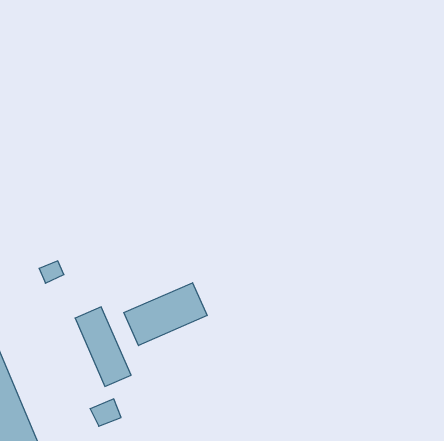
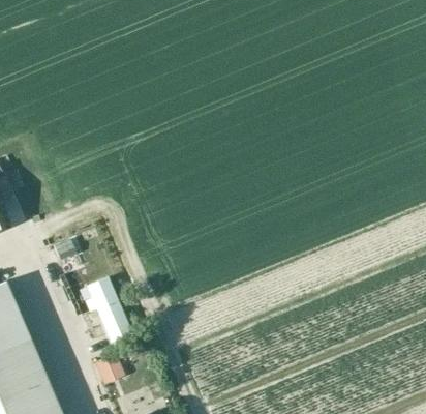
building: [124,283,207,346] -> none

